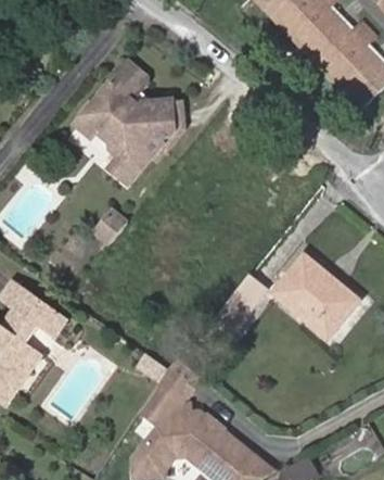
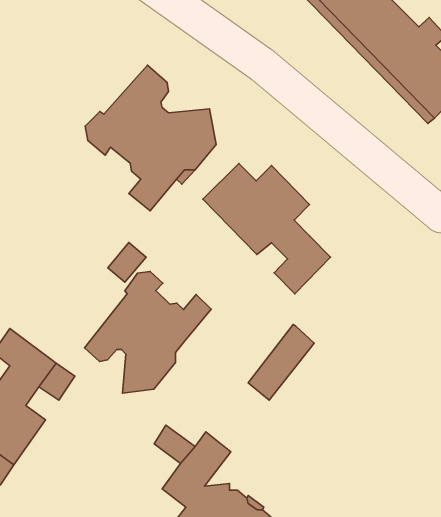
building: none -> [203,164,331,294]
building: none -> [84,272,211,393]
building: [274,255,360,339] -> none

